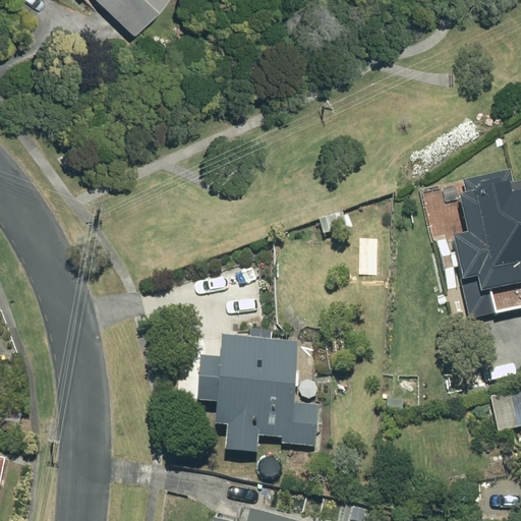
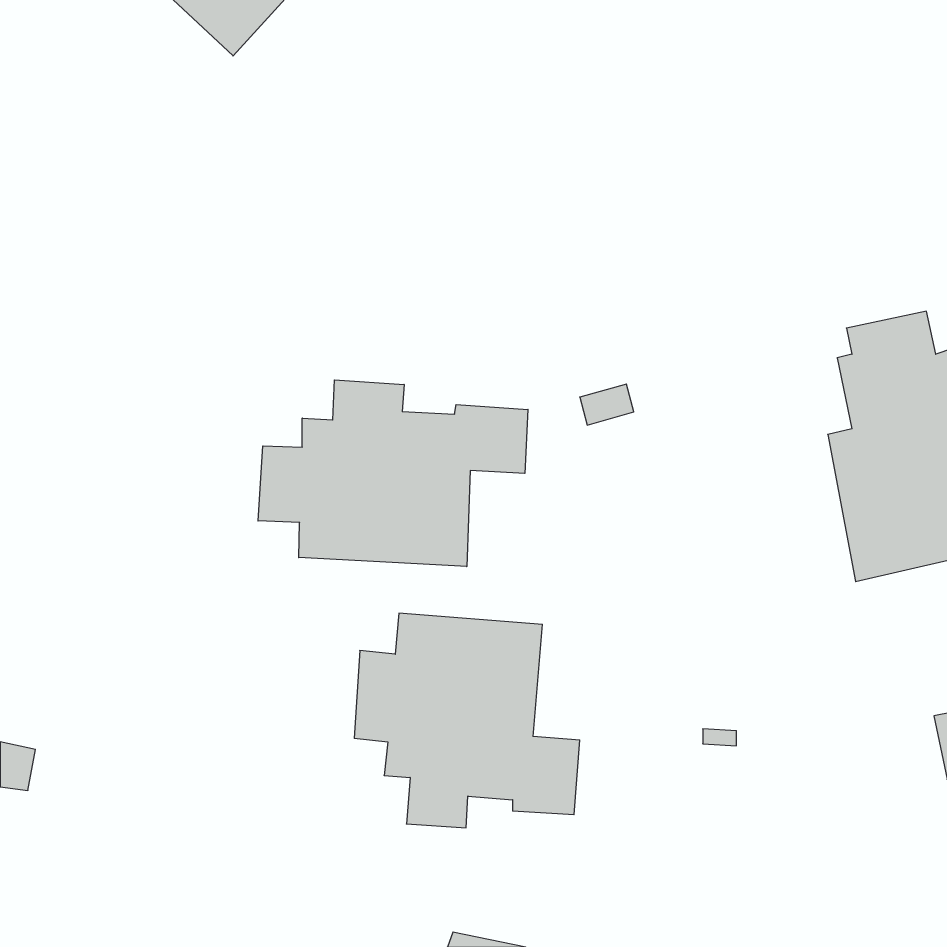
building: none -> [258,380,528,567]

